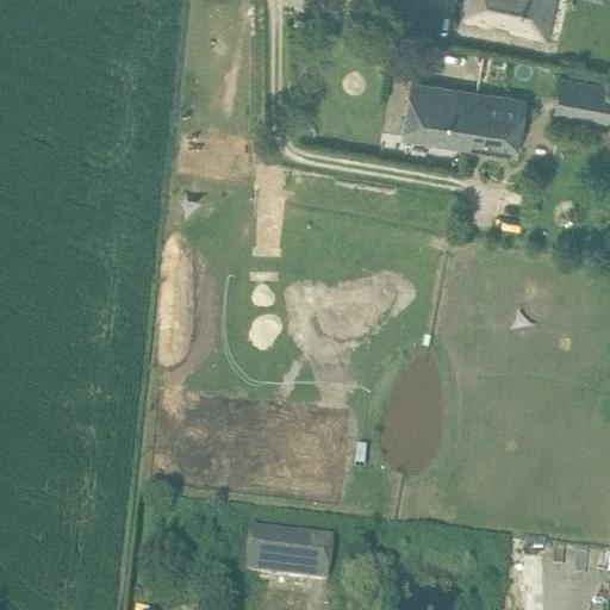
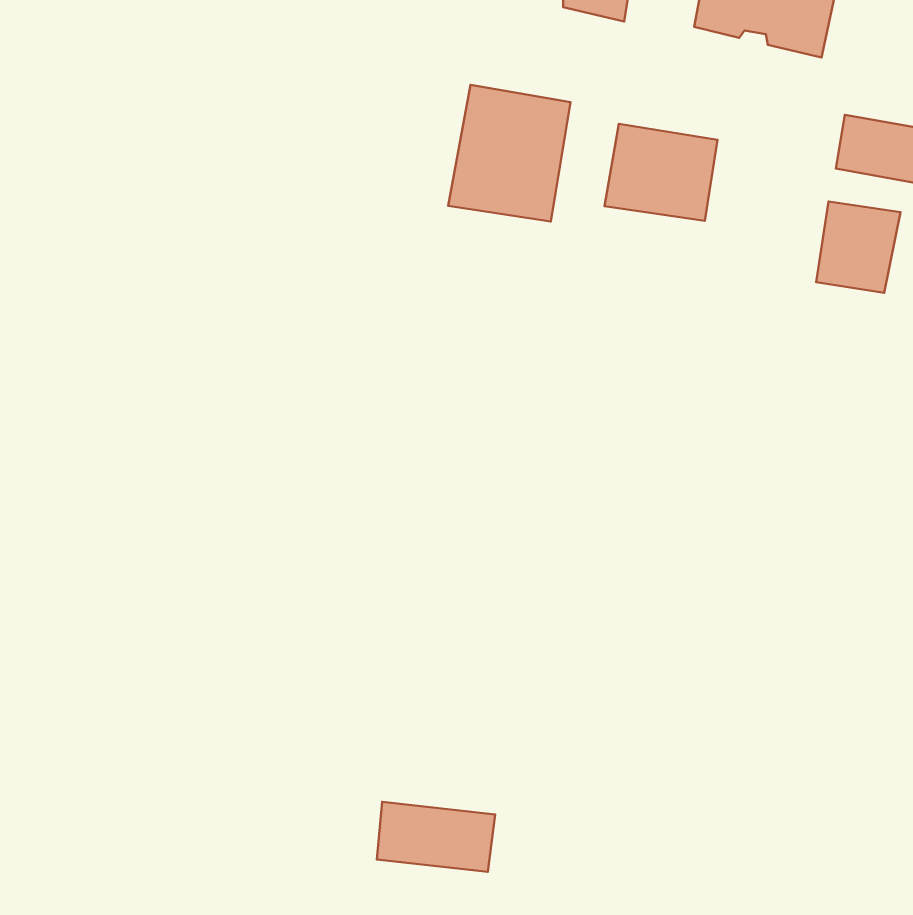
building: none -> [448,85,570,222]
building: [471,93,527,154] -> [816,201,900,293]

